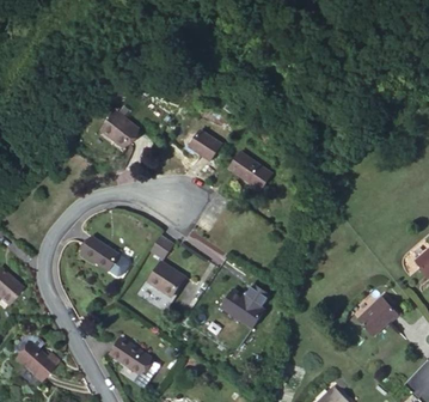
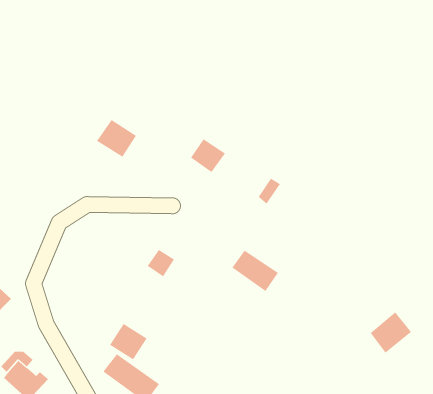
building: [232,153,265,185] -> none
building: [80,232,119,269] -> none
building: [148,261,184,296] -> [109,323,147,360]
building: [220,288,264,328] -> [232,250,279,292]

